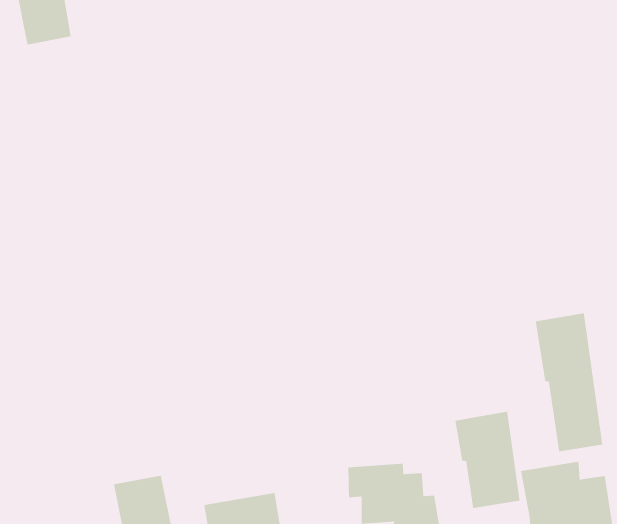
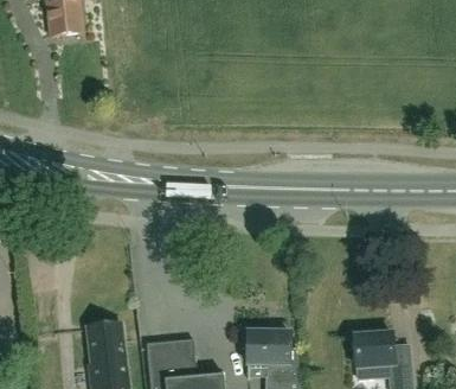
building: [535,313,603,452] -> none
building: [455,411,520,509] -> none

